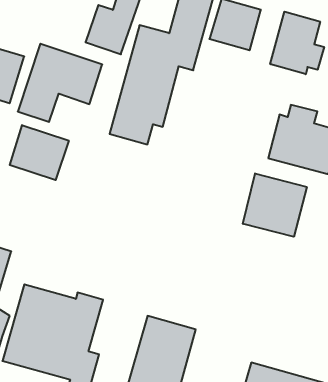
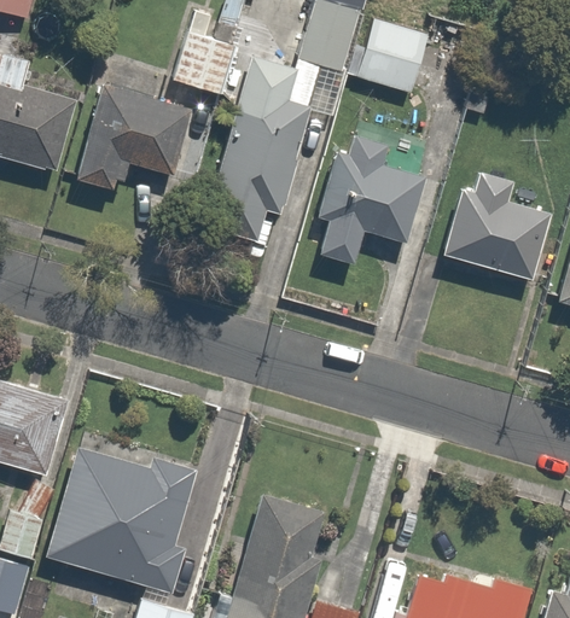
building: [270,12,324,74] -> none
building: none -> [316,133,427,264]
building: [10,125,69,180] -> none
building: [243,173,307,237] -> none

